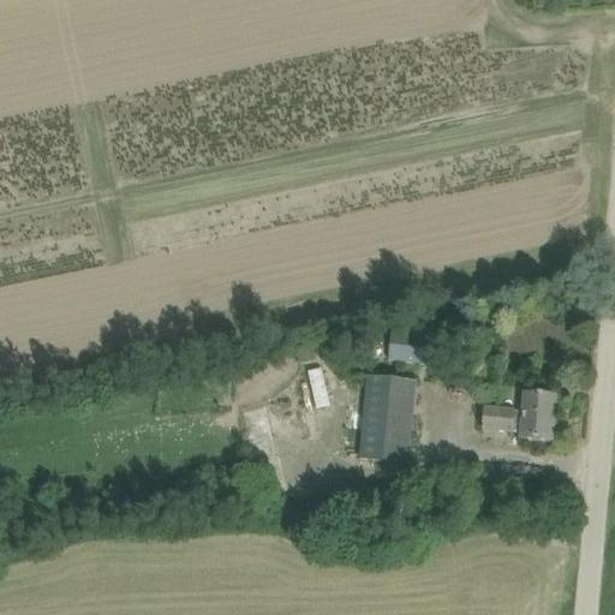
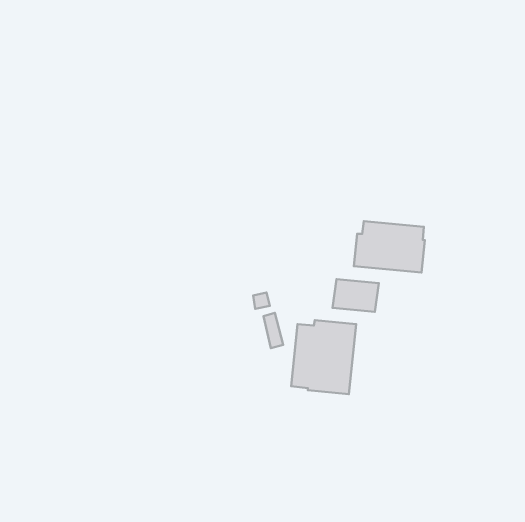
building: none -> [354,221,425,273]
building: [480,389,556,440] -> none

